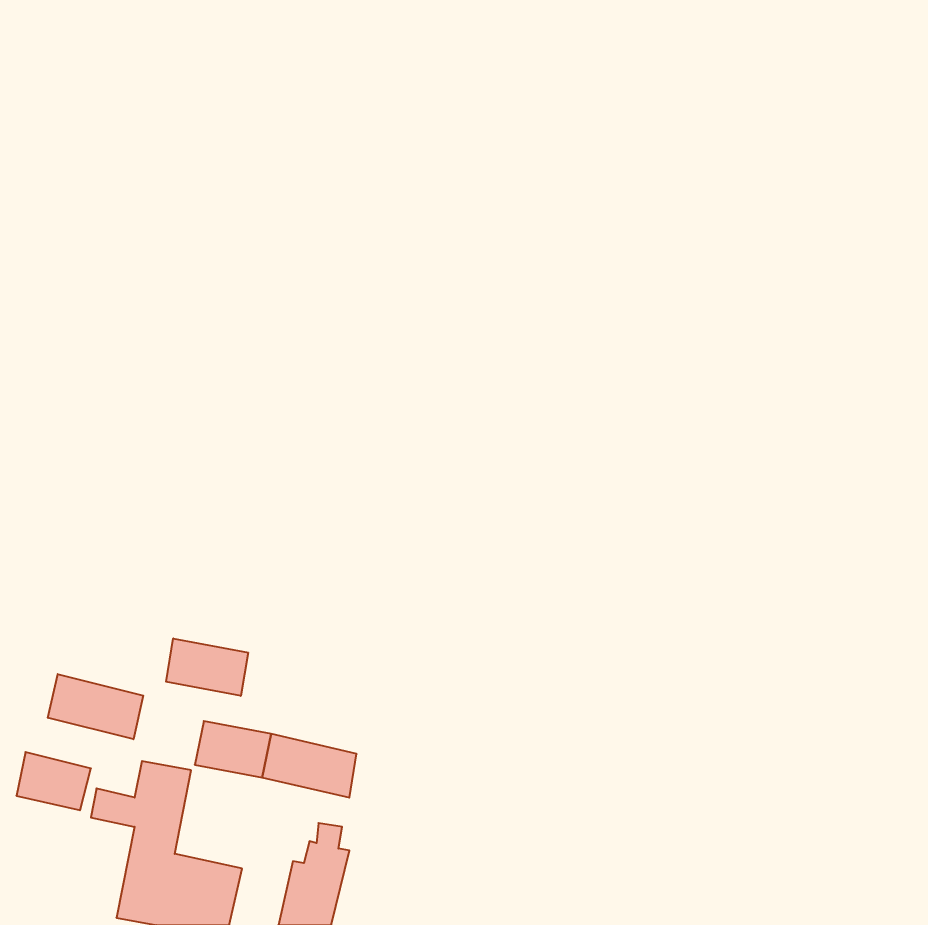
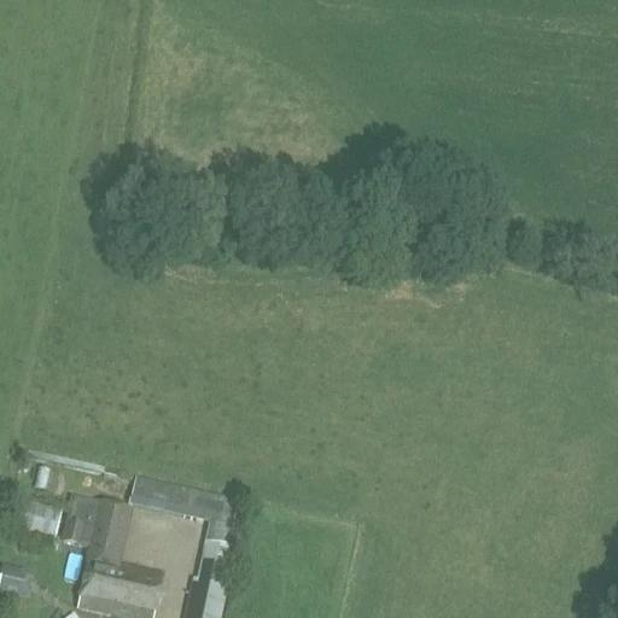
building: [166,638,248,696] -> none
building: [48,674,143,739] -> none

